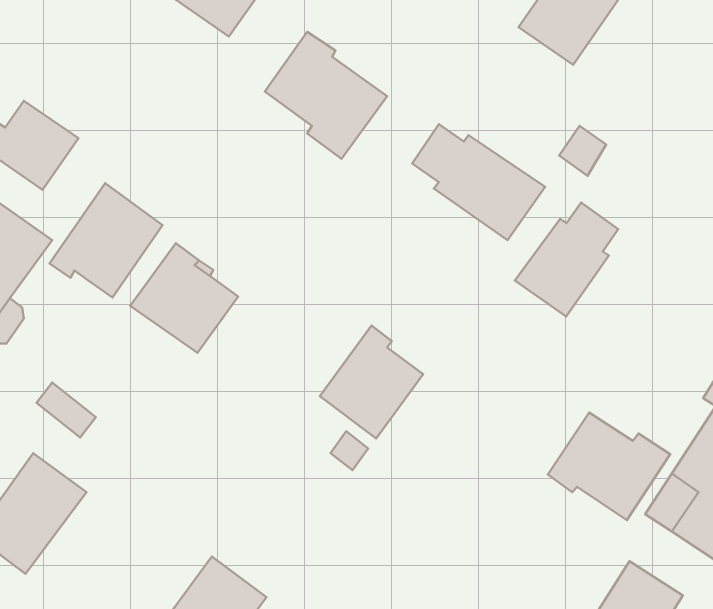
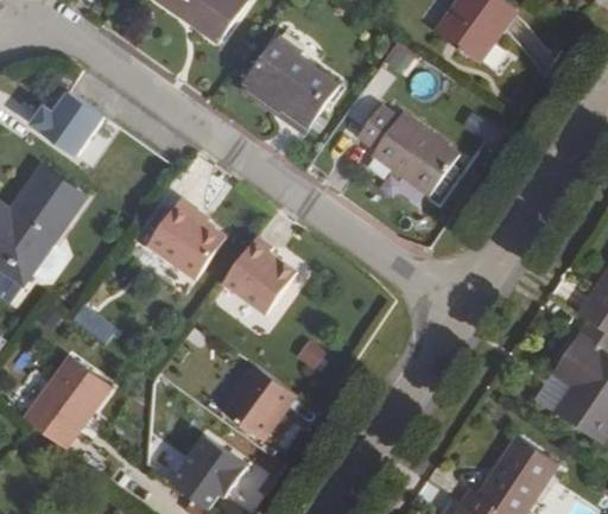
building: [50,183,163,297] -> none
building: [515,203,618,317] -> none
building: [320,326,423,438] -> [217,233,296,318]
building: [548,413,670,520] -> none
building: none -> [218,363,294,439]

